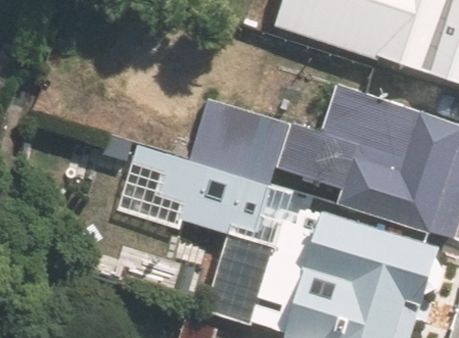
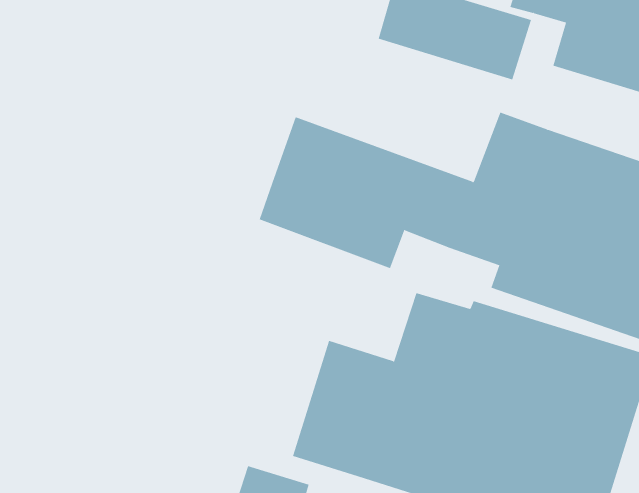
building: [126,142,269,239] -> none

